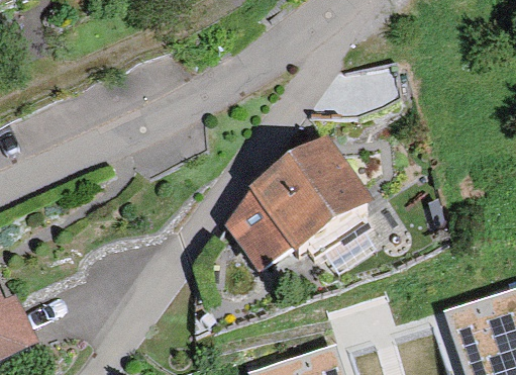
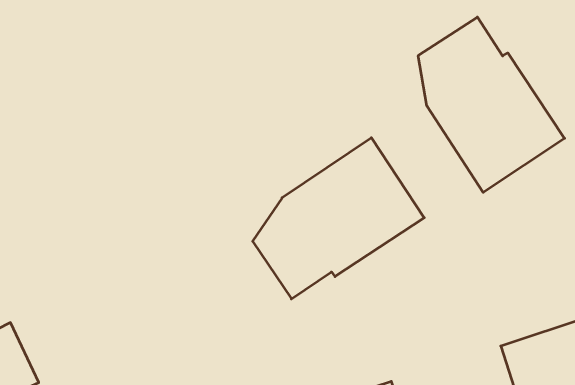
building: none -> [418,17,565,192]

